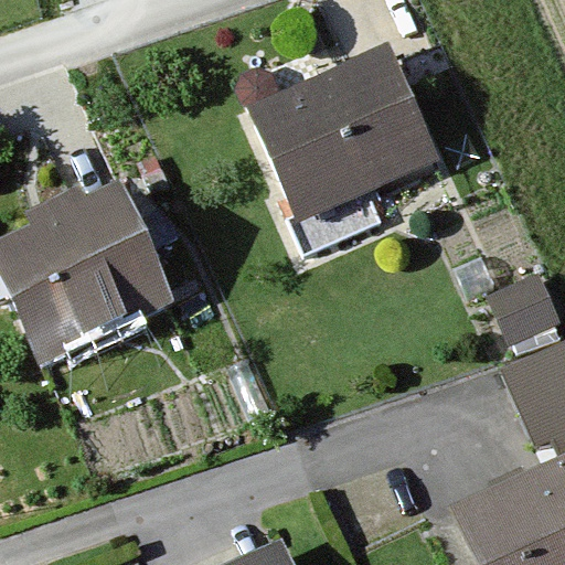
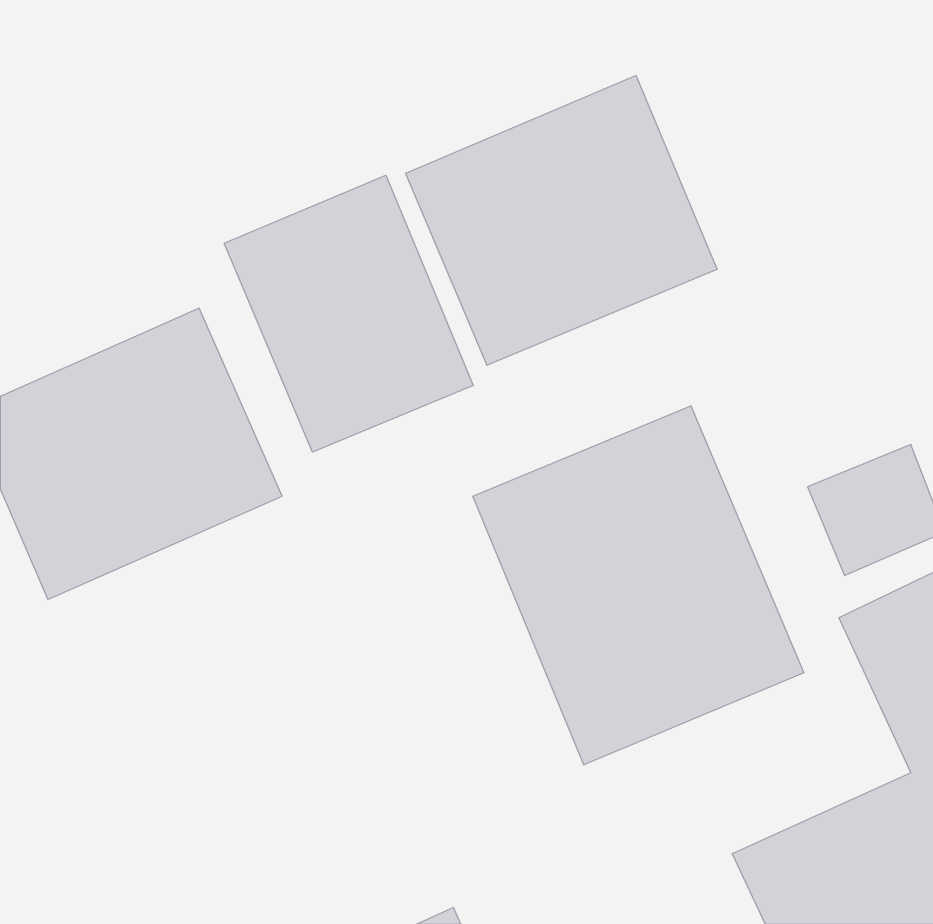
building: none -> [224,175,473,452]
building: none -> [473,406,804,765]

